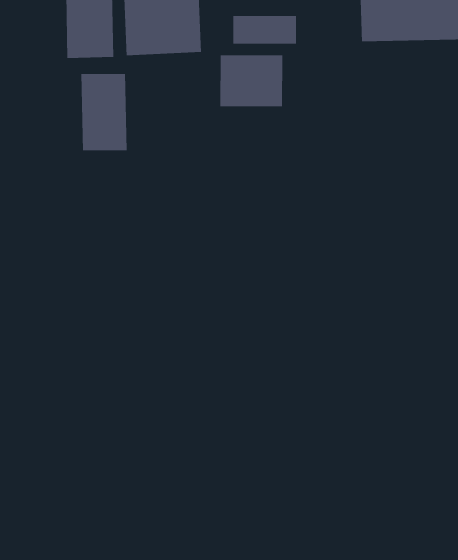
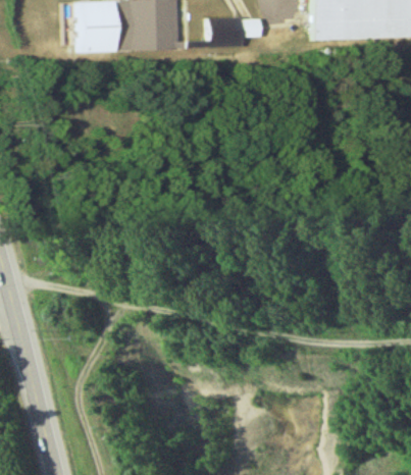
building: [219,55,283,107] -> none
building: [81,73,127,151] -> none

